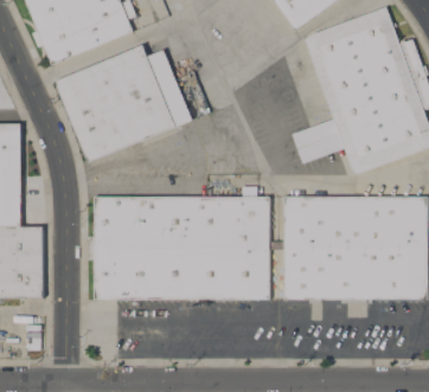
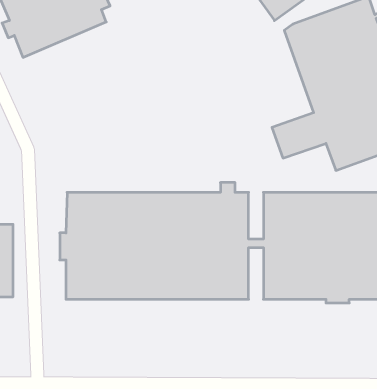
building: [55,44,192,162] -> none

